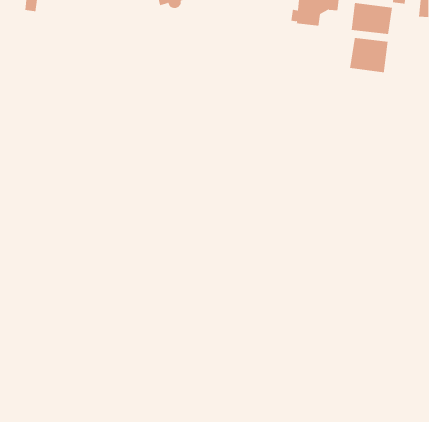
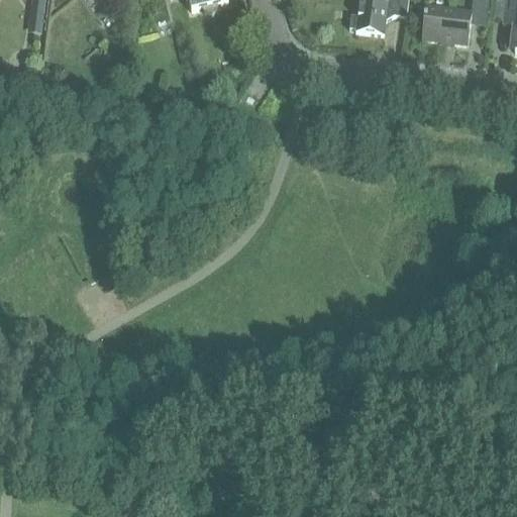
building: [349,37,388,73] -> none

